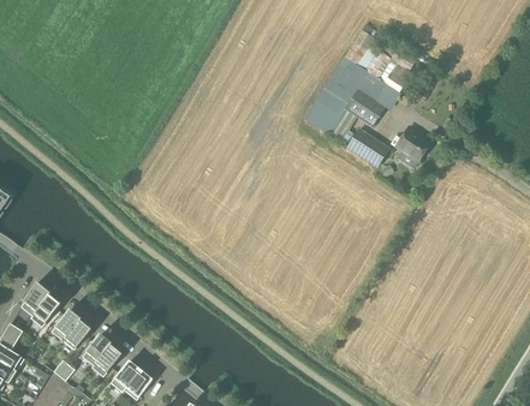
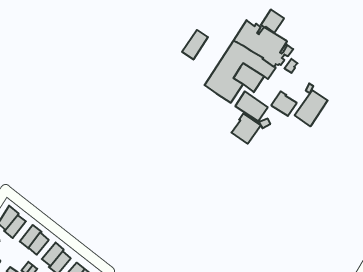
building: none -> [261,9,284,33]
building: none -> [182,30,208,60]
building: none -> [295,90,328,126]
building: none -> [231,114,261,144]

